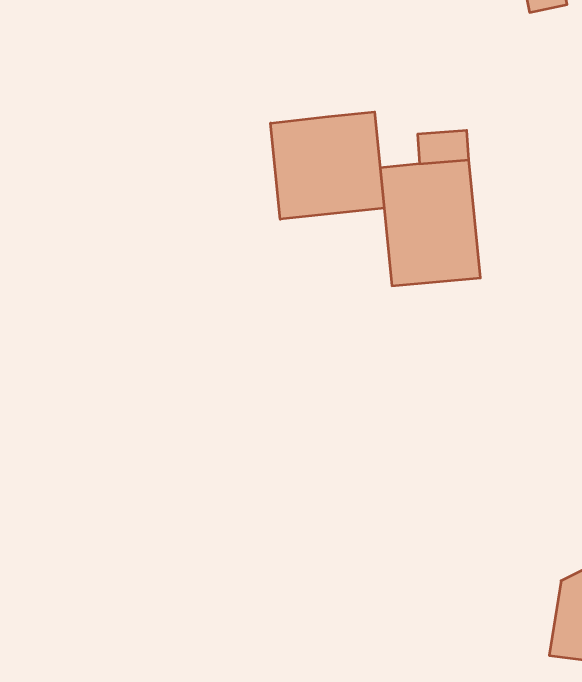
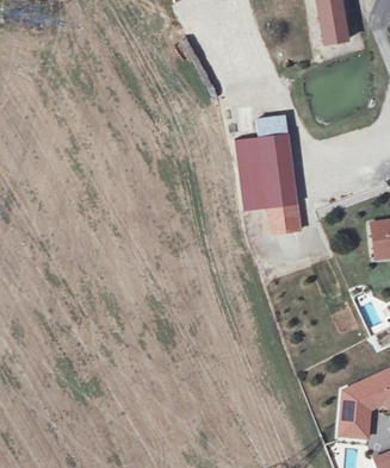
building: [271,112,384,219] -> none
building: none -> [266,205,297,229]

